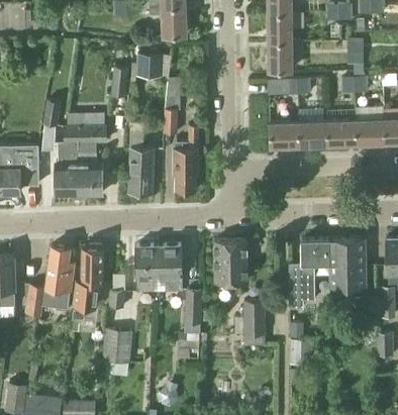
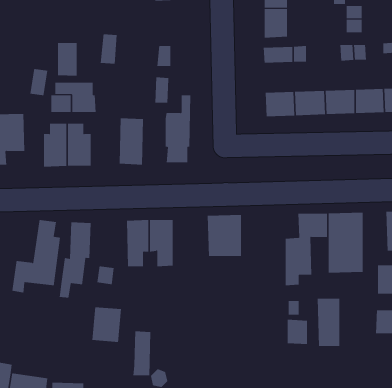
building: [136,54,164,77] -> none
building: none -> [57,42,77,76]
building: [184,289,202,332] -> [132,331,151,376]
building: [243,301,266,347] -> [317,298,340,346]

